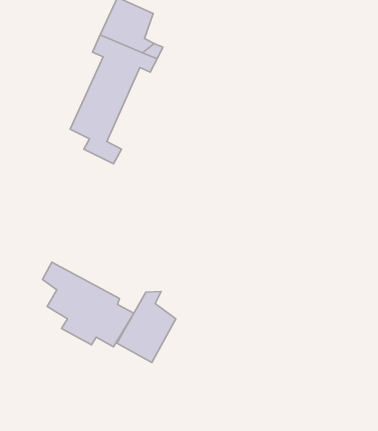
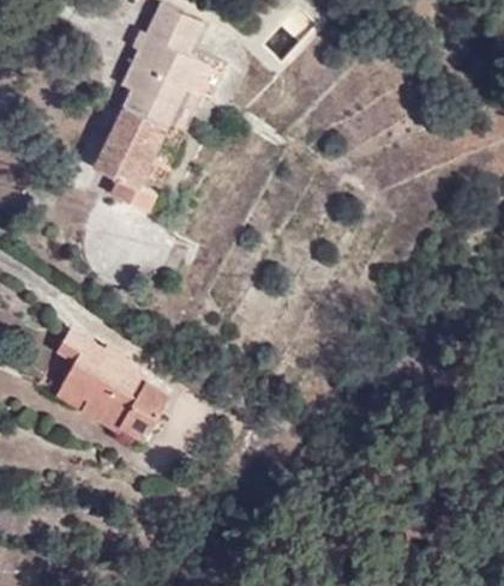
building: [117,291,176,362] -> none

